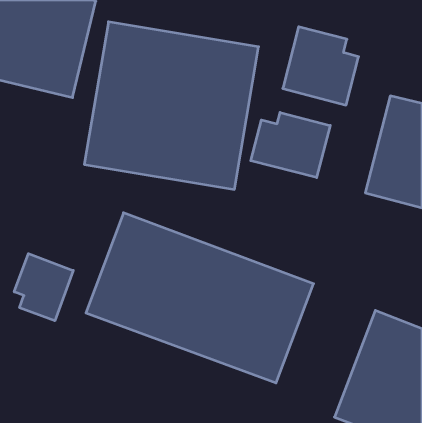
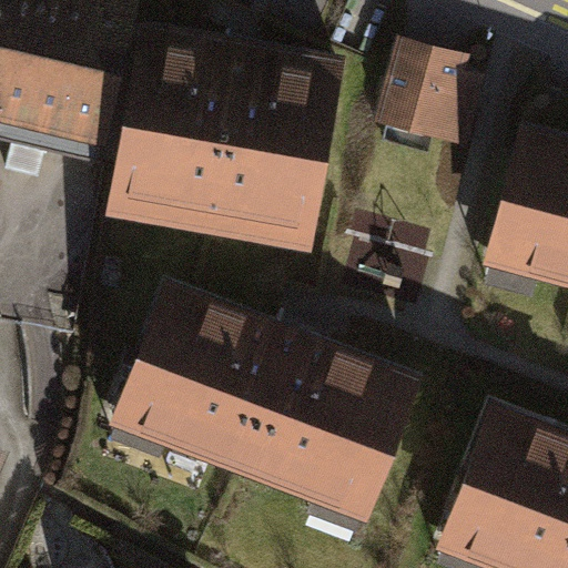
building: [251,112,330,178] -> none
building: [14,254,73,321] -> none

